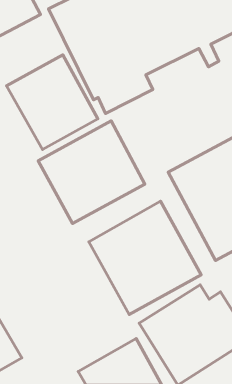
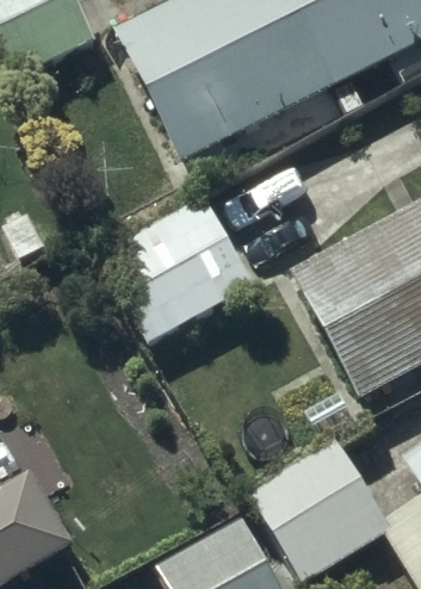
building: [7,55,98,150] -> none
building: [89,201,201,314] -> none

